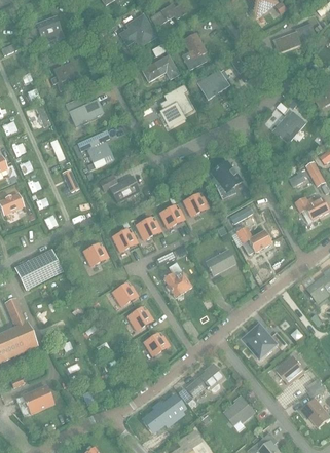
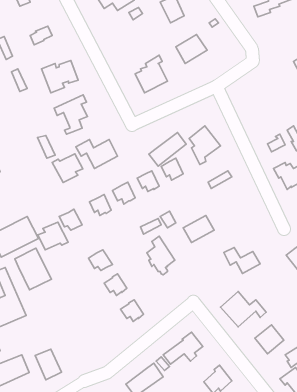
building: [141,54,179,81] -> none
building: [272,110,305,142] -> none
building: none -> [149,133,186,166]
building: none -> [52,154,83,182]
building: [235,226,271,252] -> [224,247,260,273]
building: none -> [38,222,68,250]
building: none -> [15,248,51,290]
building: none -> [35,349,62,380]

